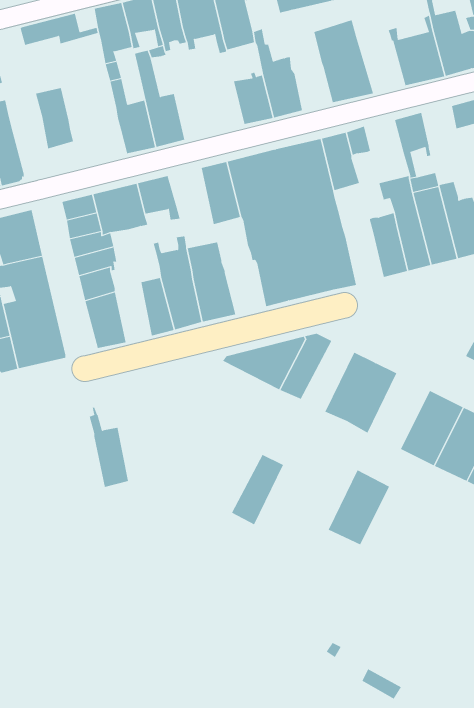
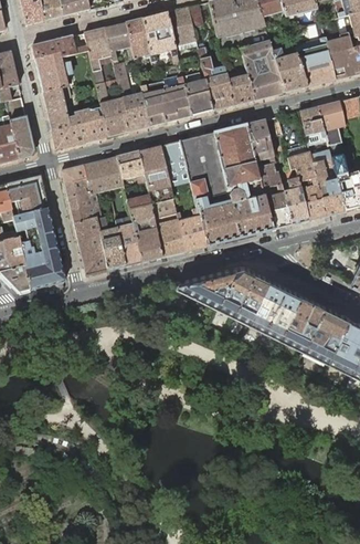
building: none -> [269,41,306,92]
building: none -> [34,51,71,92]
building: none -> [225,70,254,104]
building: none -> [140,76,191,125]
building: none -> [318,101,345,145]
building: none -> [51,102,107,148]
building: none -> [137,145,172,202]
building: none -> [256,163,290,229]
building: none -> [176,206,207,250]
building: [89,407,129,487] -> [96,212,125,270]
building: [231,454,284,525] -> [232,269,269,320]
building: [328,469,390,545] -> [279,292,324,346]

